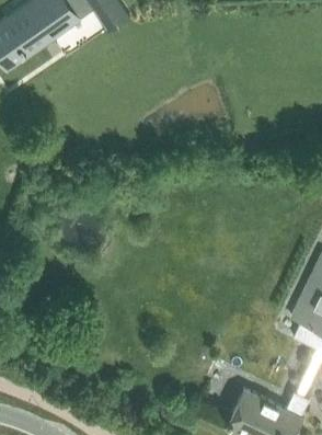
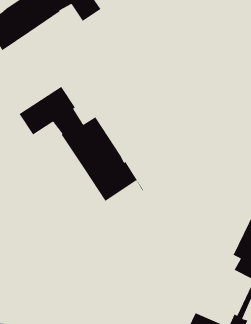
building: none -> [18,86,144,202]

